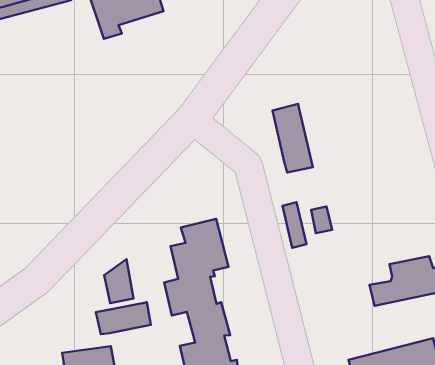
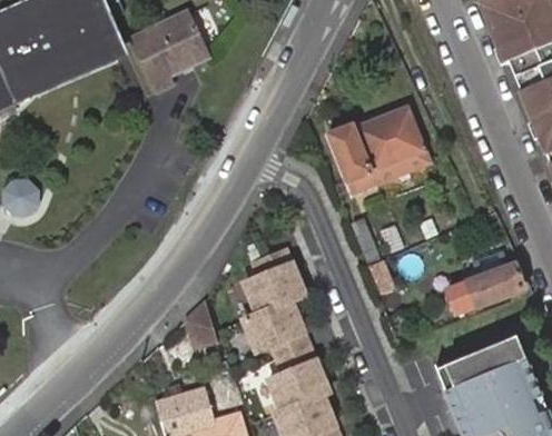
building: none -> [353,106,431,185]
building: [96,302,151,334] -> none

